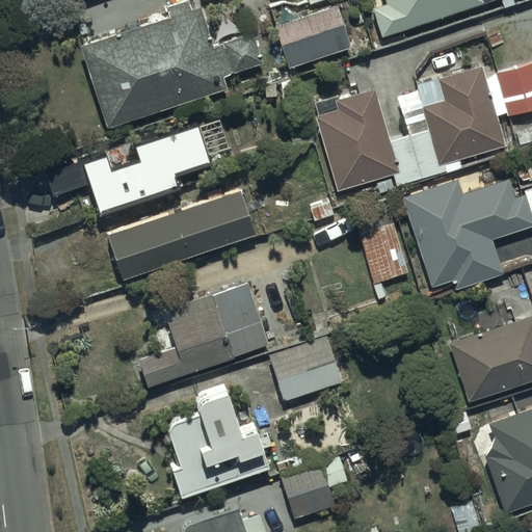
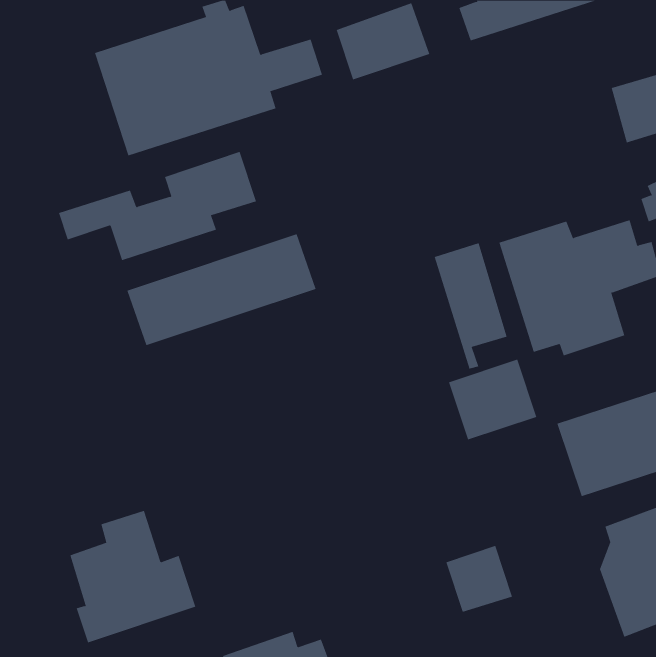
building: [314,66,505,190] -> none
building: [141,283,272,387] -> none
building: [271,337,343,402] -> [448,359,537,440]
building: [169,391,271,498] -> [69,510,196,643]
building: [281,464,335,518] -> [446,545,513,612]

